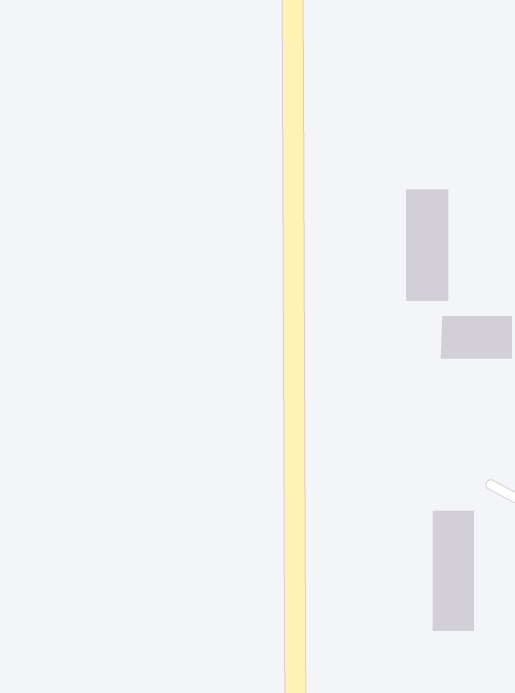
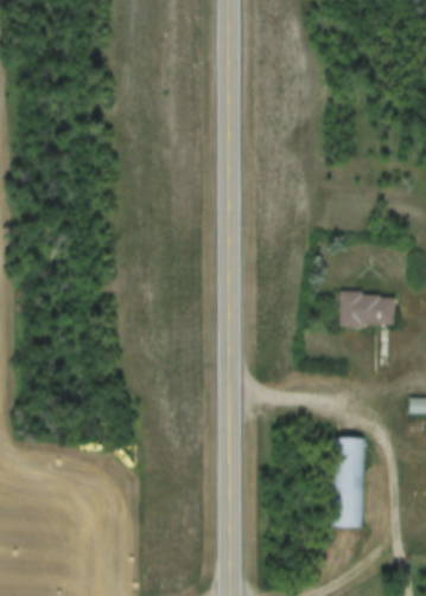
building: [405,188,449,302] -> none

